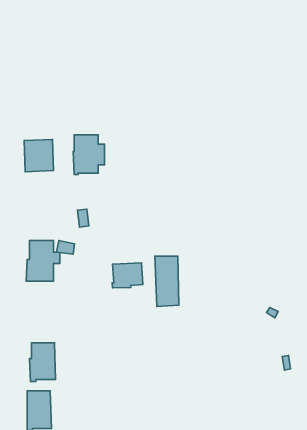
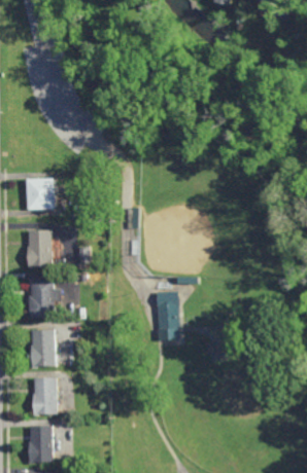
building: [73,135,104,174] -> [26,227,57,266]
building: [112,263,143,288] -> none
building: none -> [29,328,55,367]

